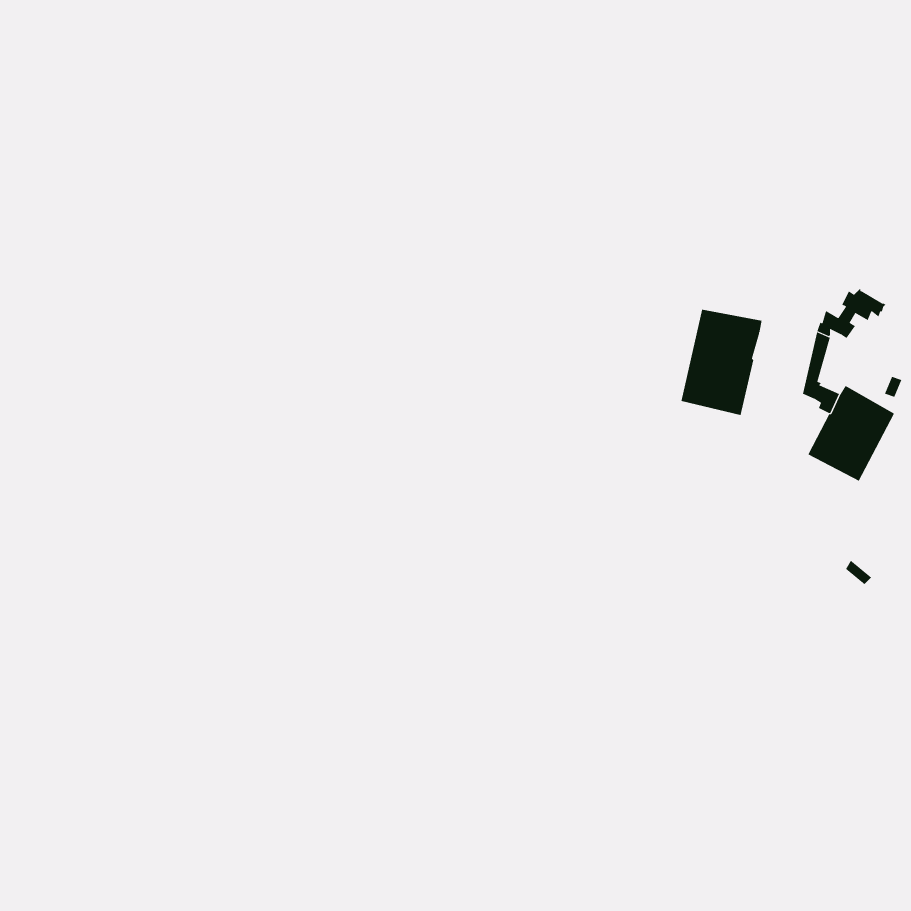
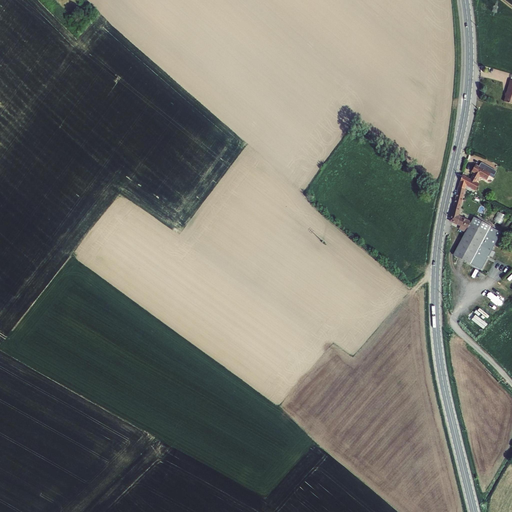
building: [681,309,762,416] -> none

